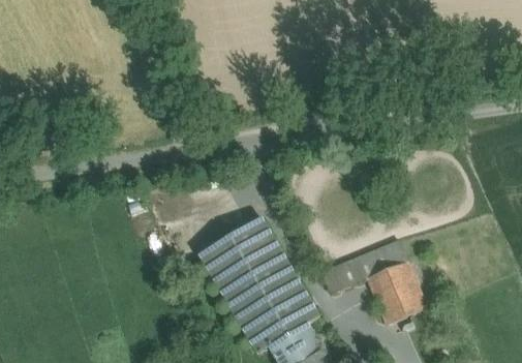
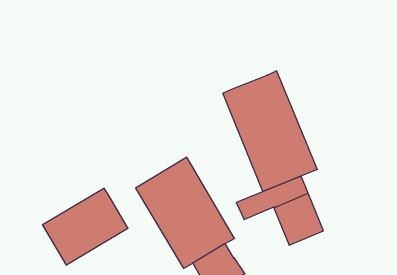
building: none -> [223,71,317,192]
building: none -> [43,188,128,265]

